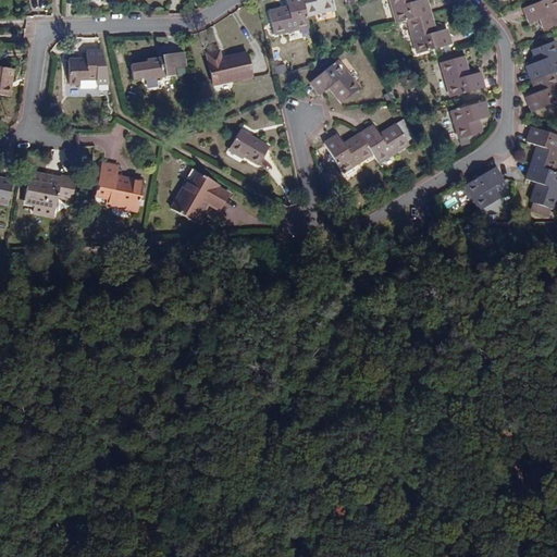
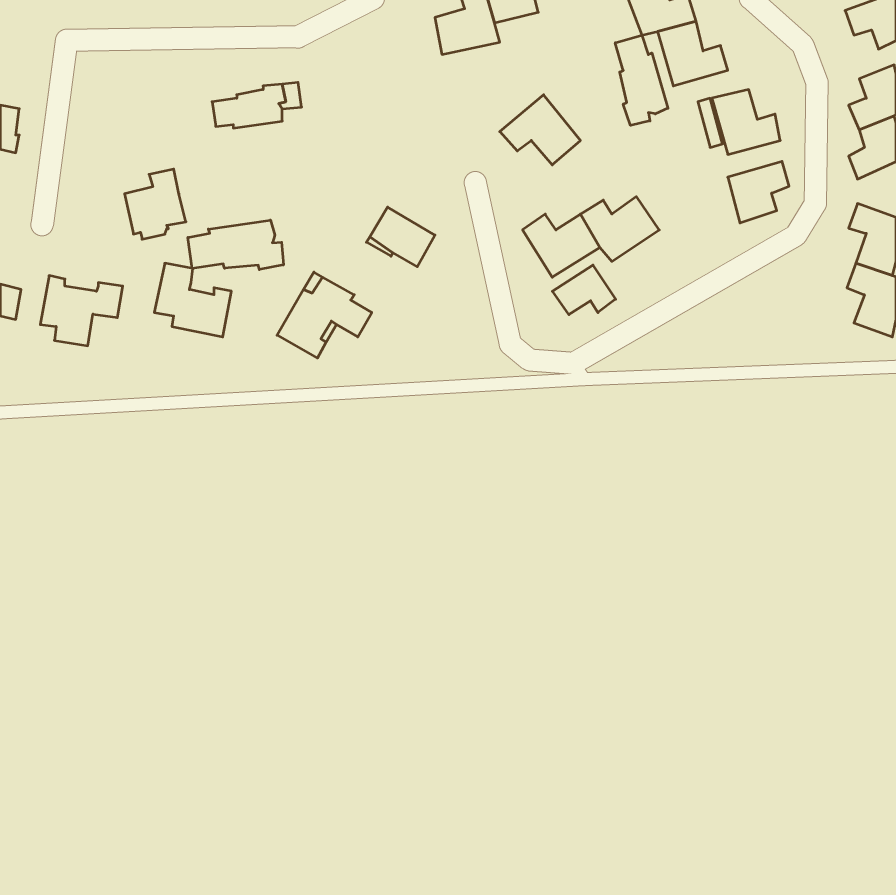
building: none -> [615,35,668,125]
building: [72,49,110,92] -> [125,169,186,239]
building: [207,49,253,85] -> none
building: none -> [188,220,283,270]
building: none -> [552,265,616,315]
building: [466,166,504,210] -> none

